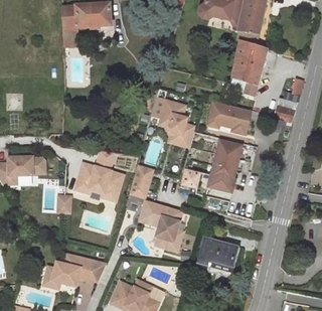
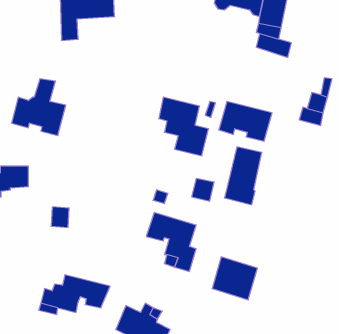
building: [231,52,265,96] -> none
building: [75,151,124,201] -> [11,79,66,136]

